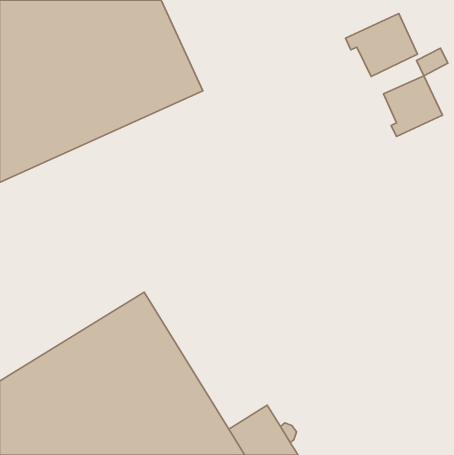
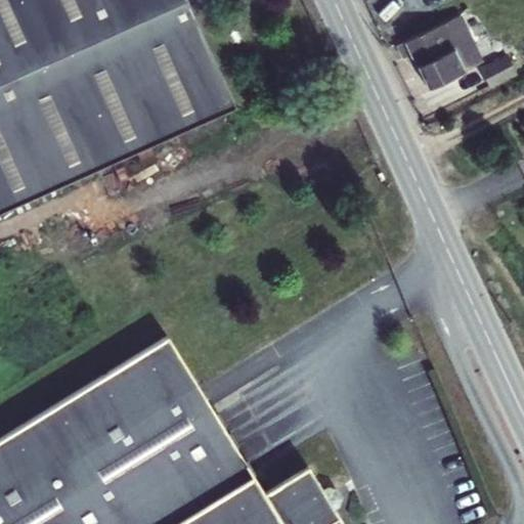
building: [383,76,442,137] -> none

